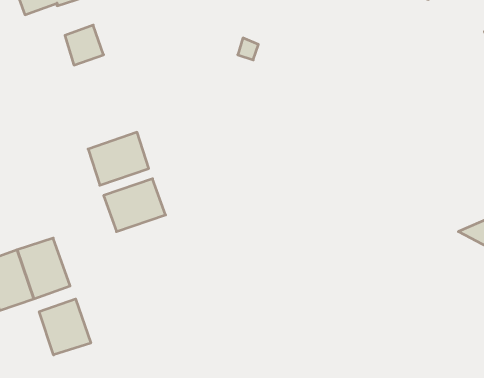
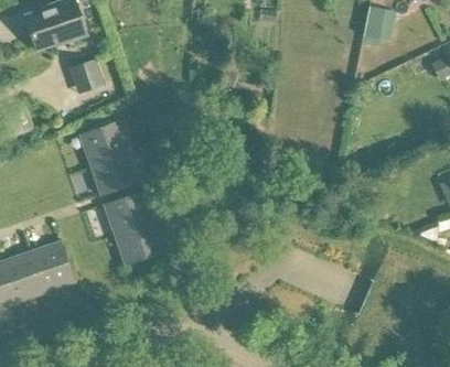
building: none -> [81,119,133,164]
building: none -> [116,220,168,265]
building: [39,299,91,355] -> none

